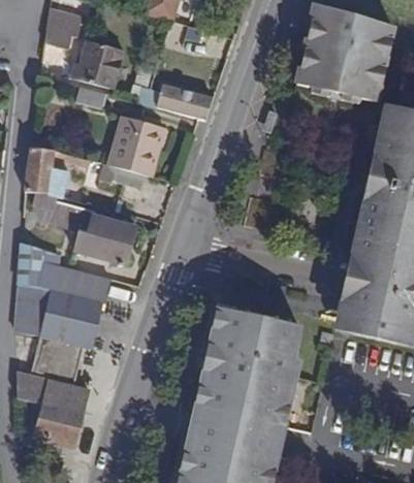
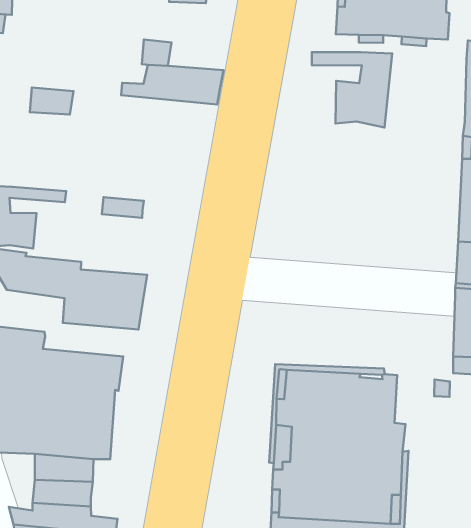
building: [77,42,124,88] -> none
building: none -> [312,52,392,127]
building: [108,117,166,176] -> none

